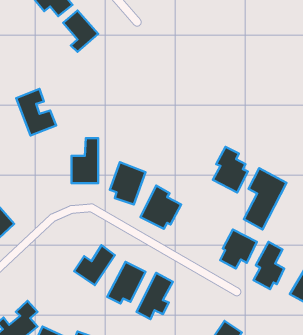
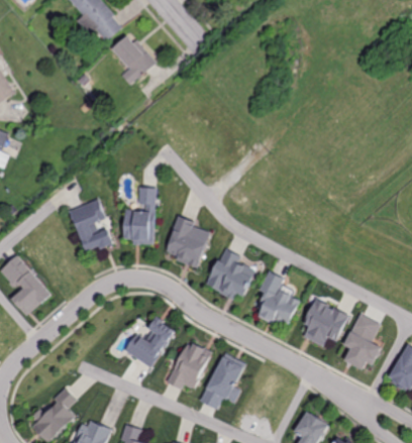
building: [16,89,56,135] -> [68,200,116,256]
building: [213,147,248,192] -> [253,269,296,325]
building: [244,168,287,230] -> none

